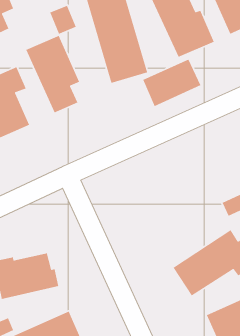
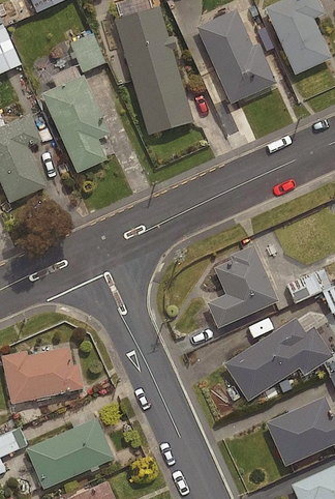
building: [142,58,201,107] -> none
building: none -> [207,244,277,326]

